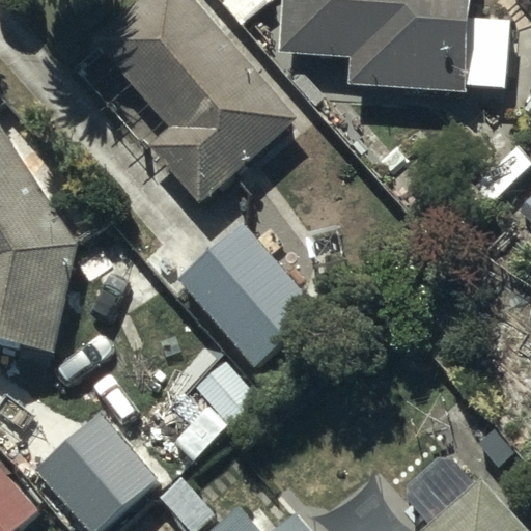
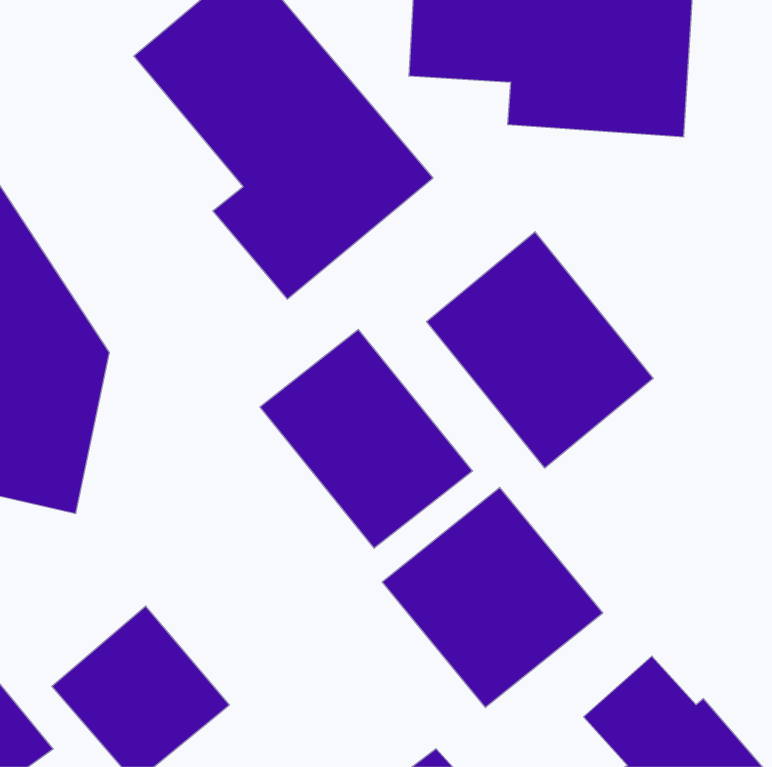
building: none -> [427,232,653,468]
building: none -> [382,487,603,708]

